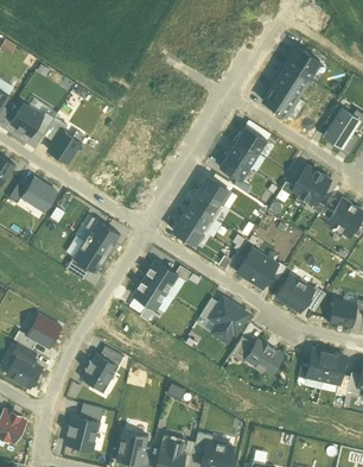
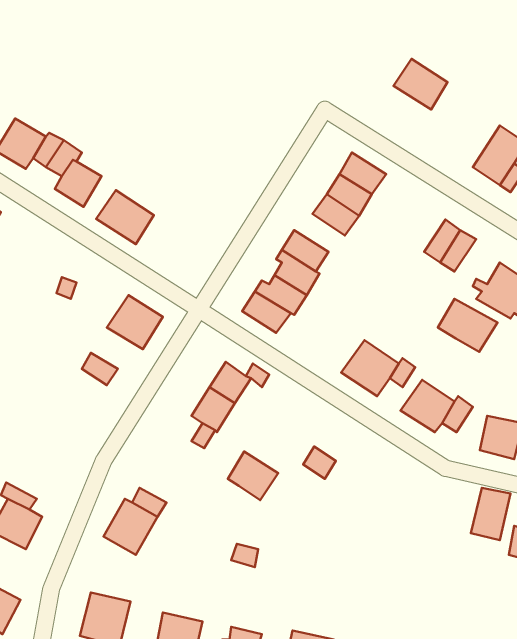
building: [284,46,319,80] -> none
building: [260,82,297,115] -> none
building: [20,179,58,215] -> [96,190,154,244]
building: none -> [438,299,498,352]
building: [72,241,107,272] -> none
building: [212,297,246,329] -> [228,452,278,500]
building: [28,315,59,347] -> none
building: [246,341,281,373] -> none
building: [305,342,330,377] -> none

